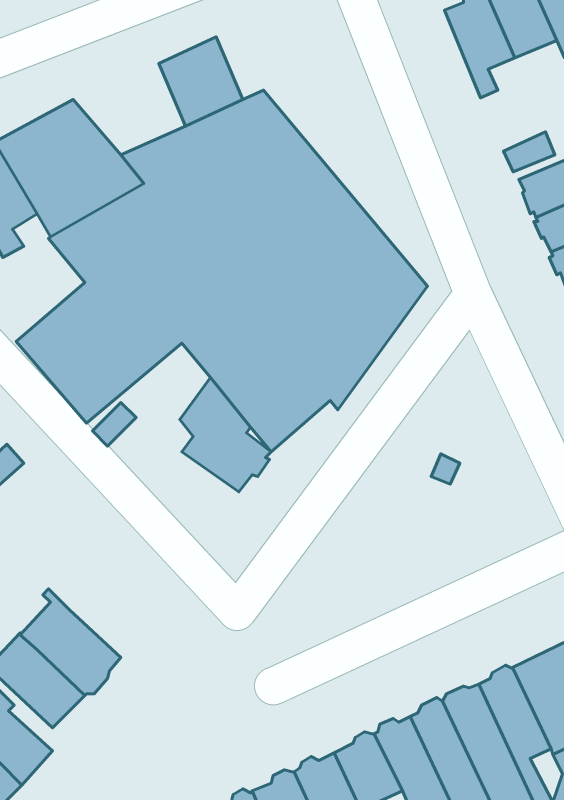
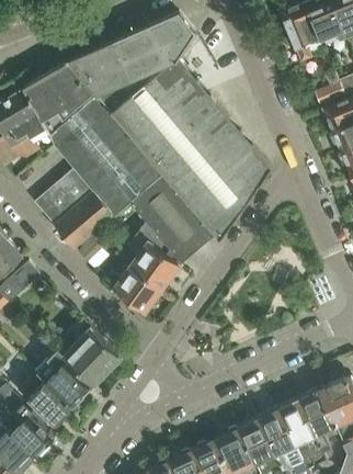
building: none -> [148,13,193,63]
building: none -> [64,42,130,94]
building: none -> [104,266,161,312]
building: none -> [64,327,121,384]

